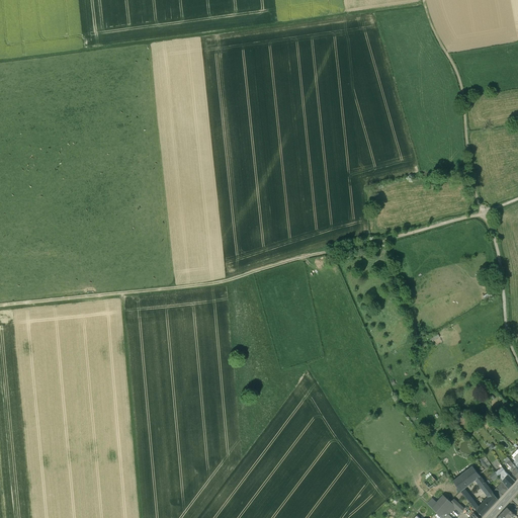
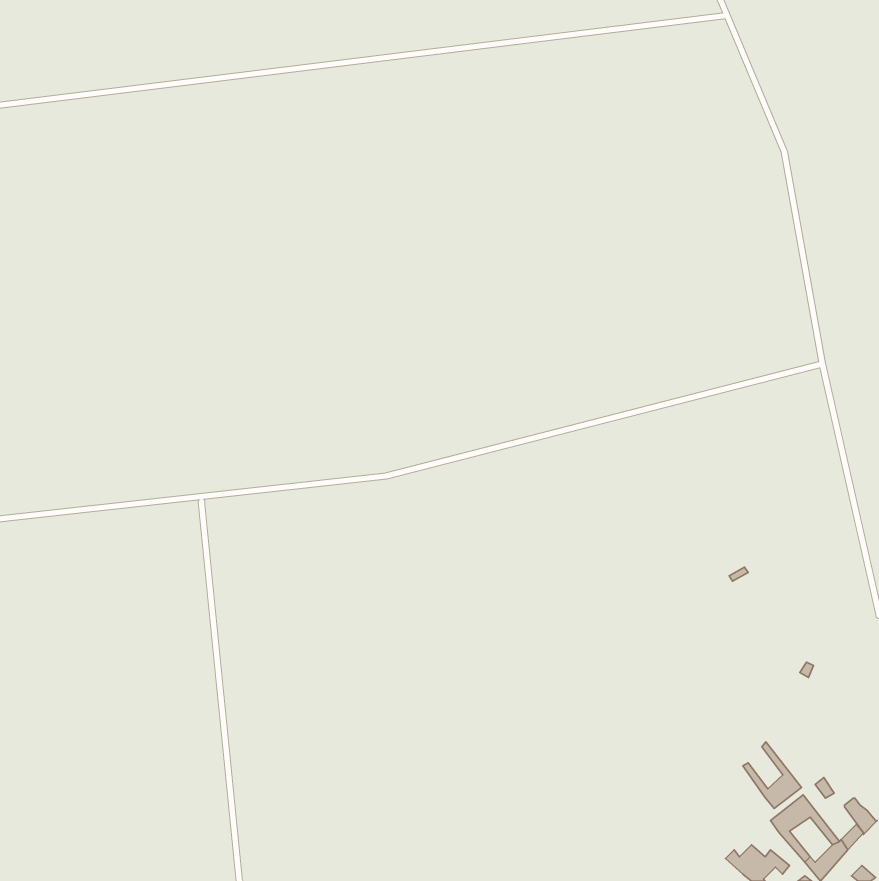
building: none -> [743,742,801,808]

